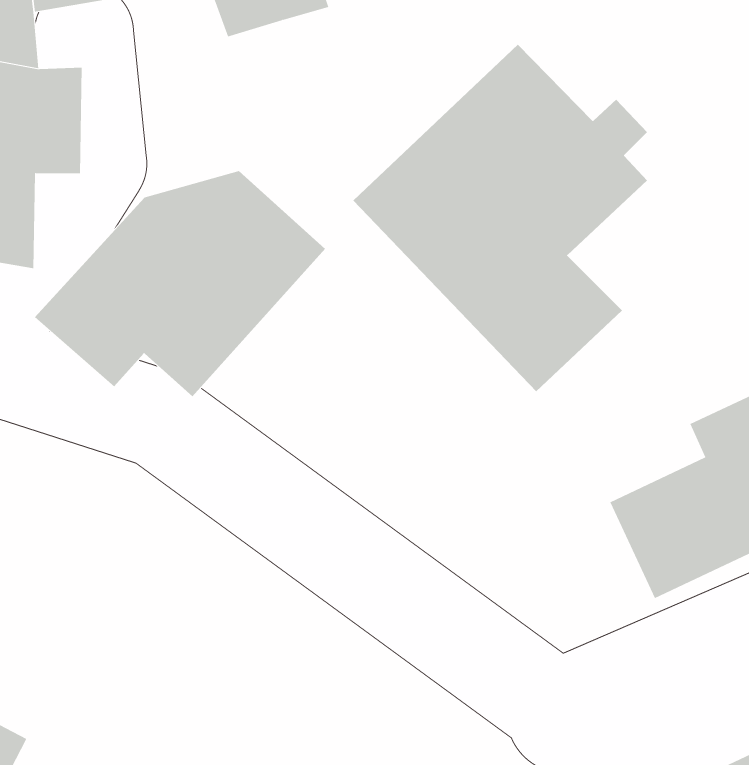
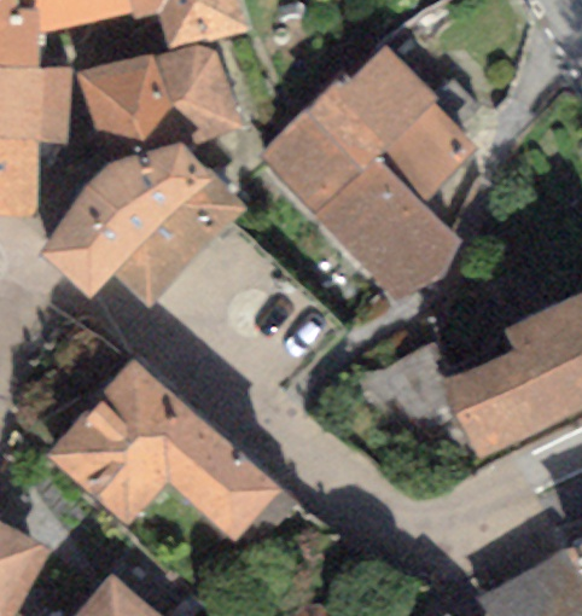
building: none -> [86,33,239,161]
building: none -> [51,362,290,550]

